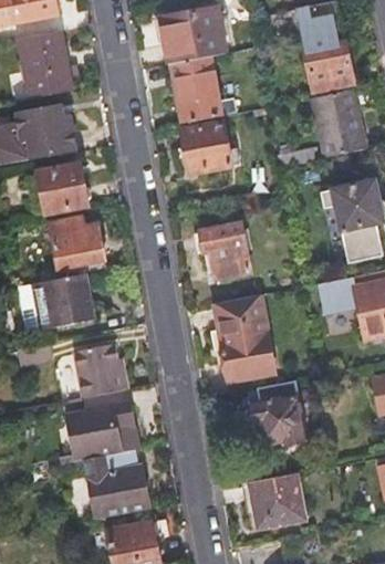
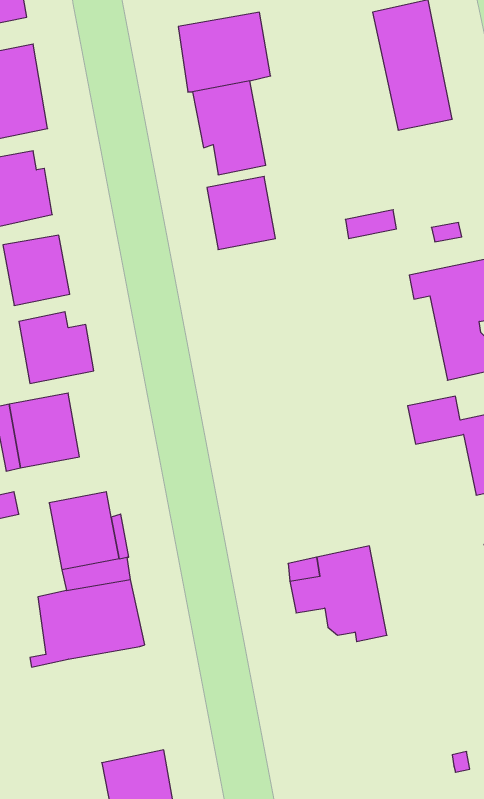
building: [312,88,365,157] -> none
building: [199,223,249,278] -> none
building: [217,294,274,378] -> none
building: [85,449,148,514] -> none
building: [241,472,305,528] -> none

